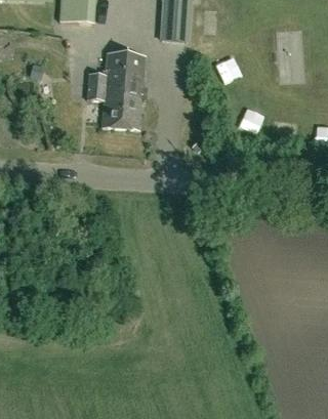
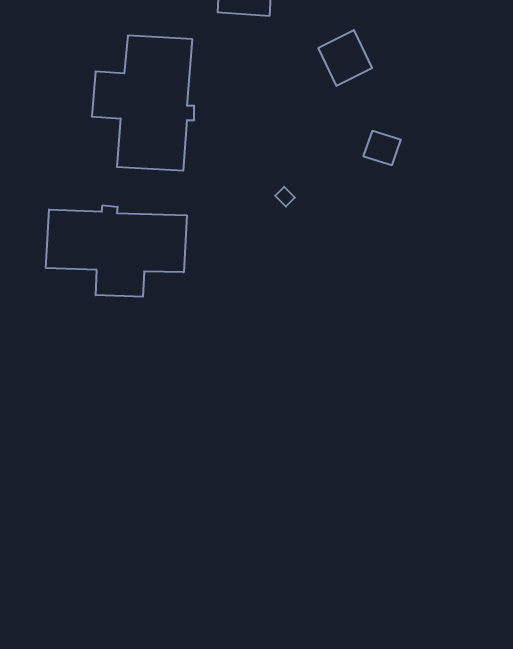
building: none -> [46,205,187,297]

